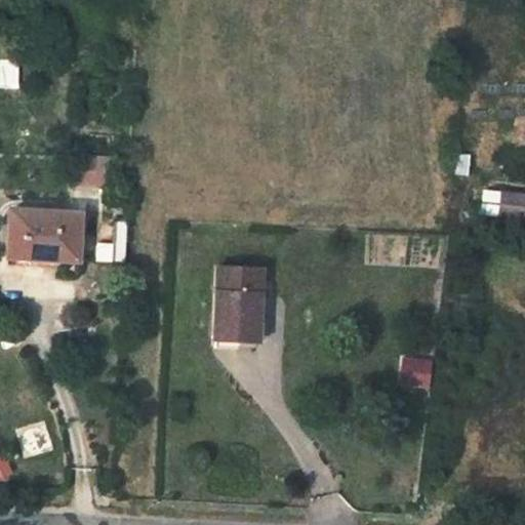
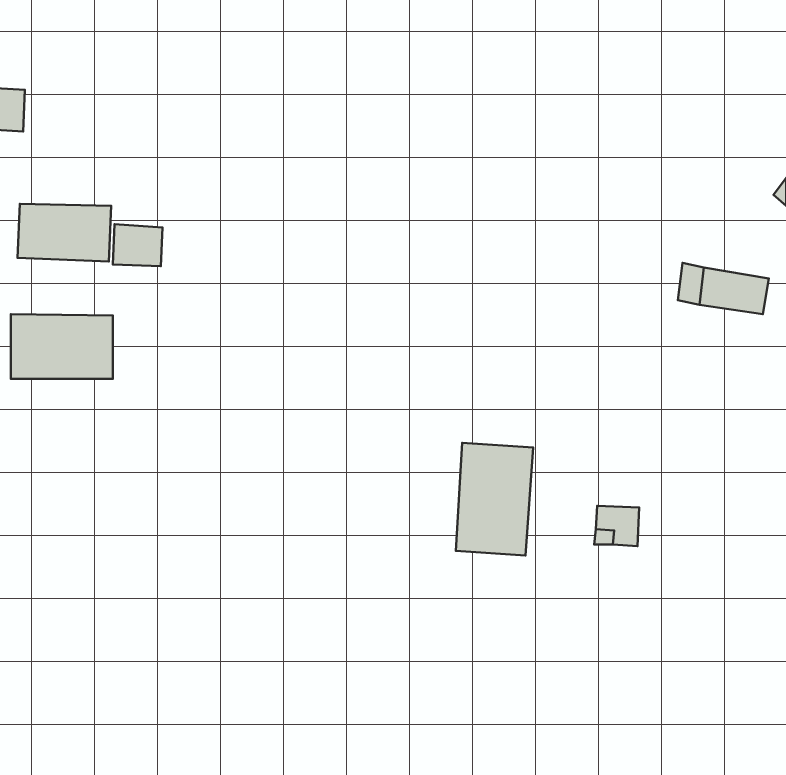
building: none -> [18,204,111,261]
building: [220,255,272,330] -> [456,443,533,556]

